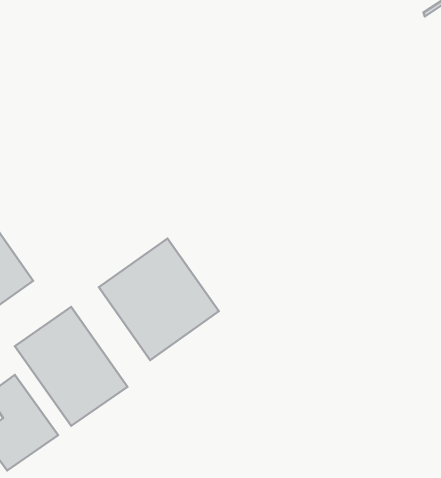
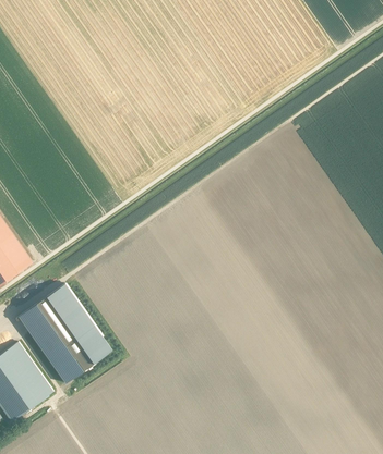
building: [99,239,219,360] -> none

